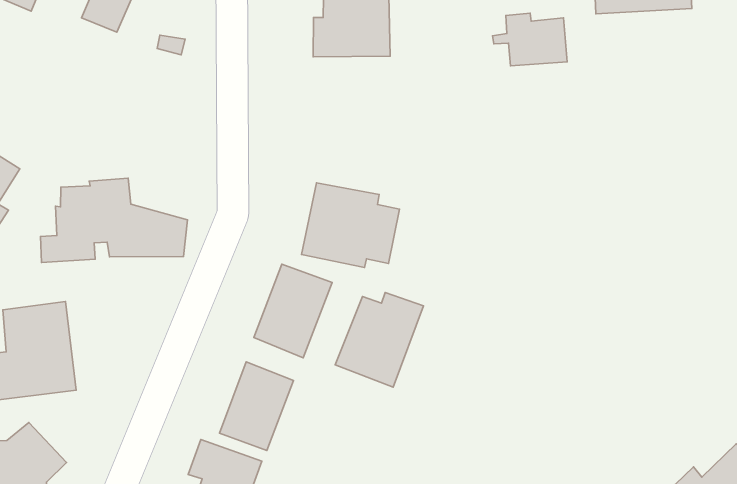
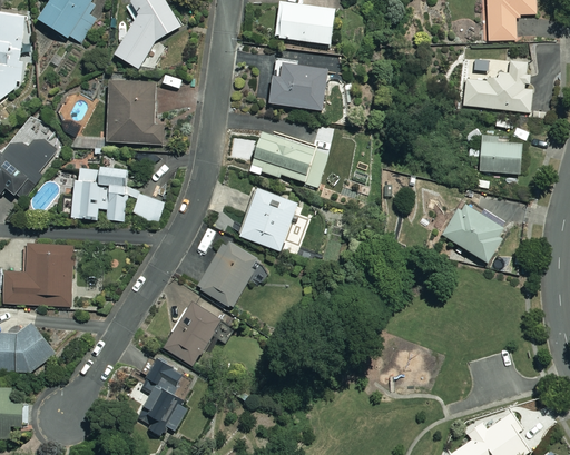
building: [492,13,567,66] -> [470,137,520,175]
building: none -> [108,79,165,142]
building: none -> [250,130,327,187]
building: none -> [440,205,508,264]
building: [335,293,424,387] -> none

